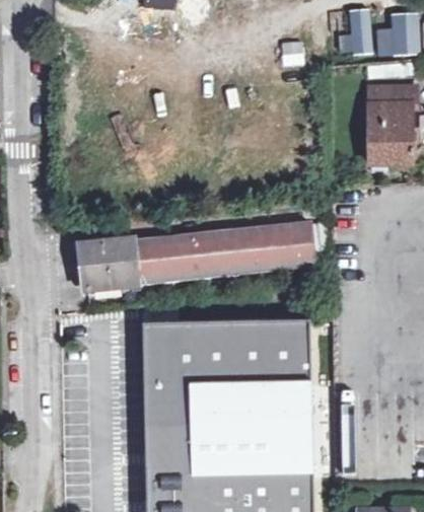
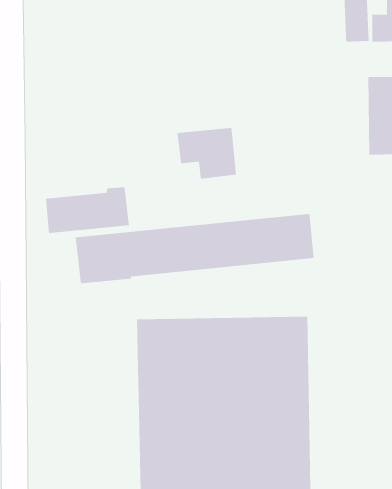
building: none -> [177,127,237,180]
building: none -> [45,187,129,234]

